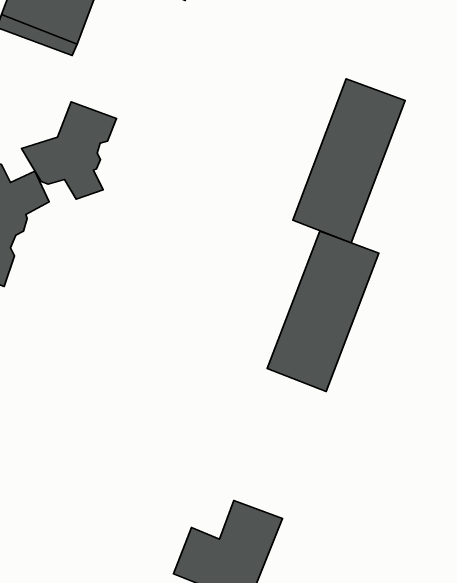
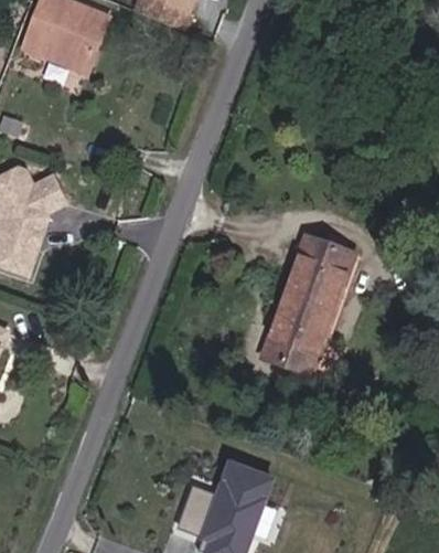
building: [293,79,405,243] -> none
building: [22,102,117,199] -> none

